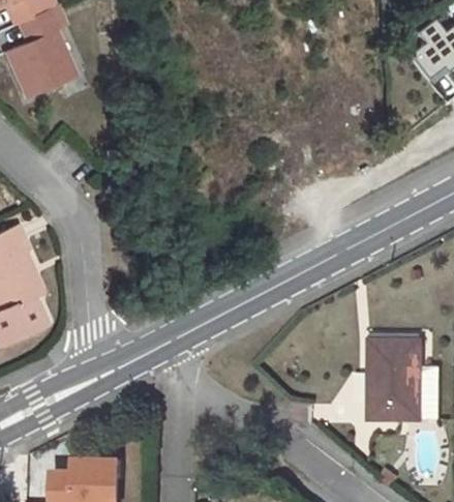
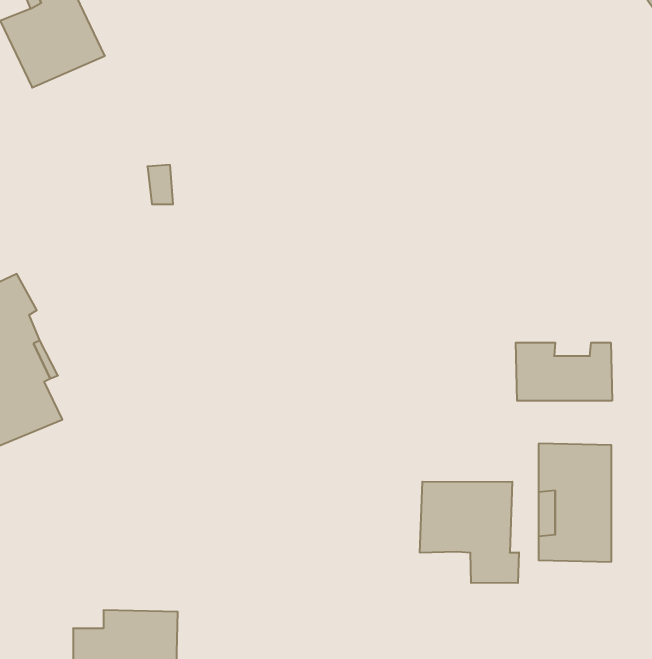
building: none -> [516,343,612,401]
building: none -> [420,482,519,583]

